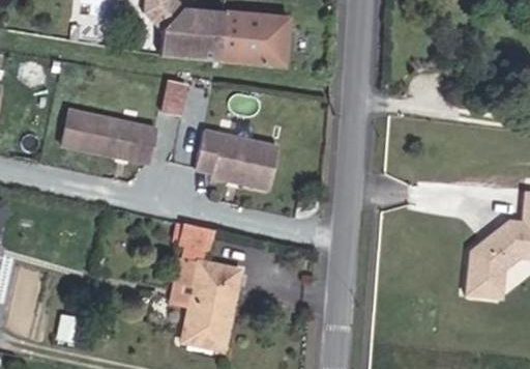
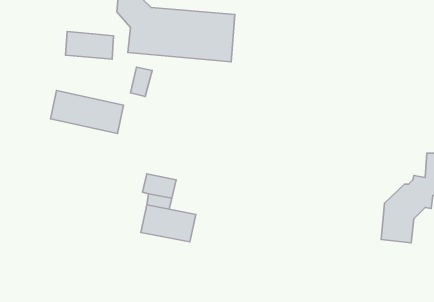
building: none -> [66,32,114,59]
building: [198,127,283,195] -> none
building: [173,283,235,344] -> none

